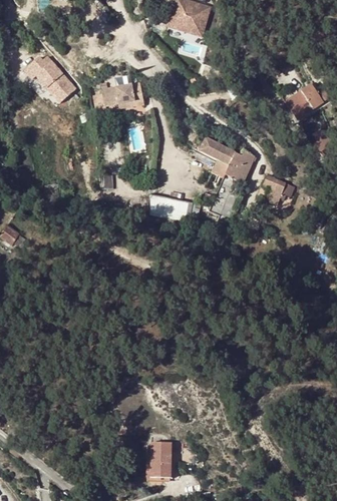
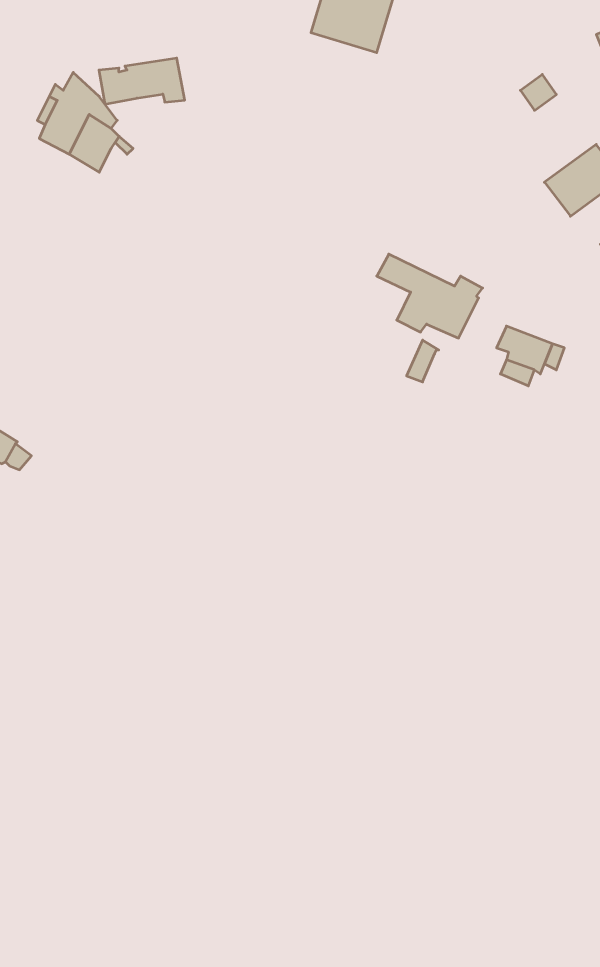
building: [102,82,145,105] -> [99,58,185,104]
building: [147,194,193,221] -> none
building: [150,442,172,477] -> none

